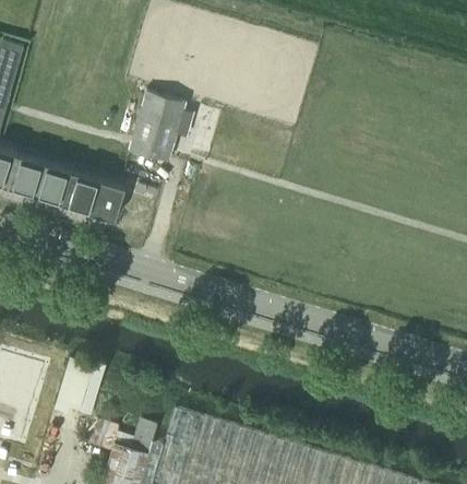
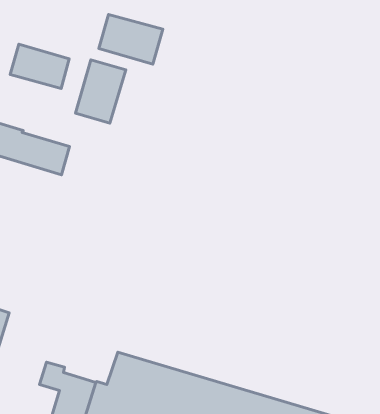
building: none -> [99,14,163,64]
building: none -> [10,44,69,88]

